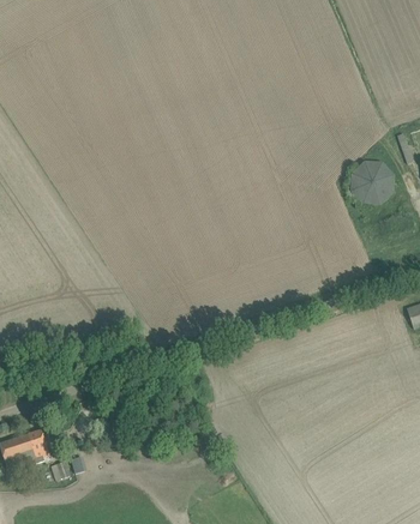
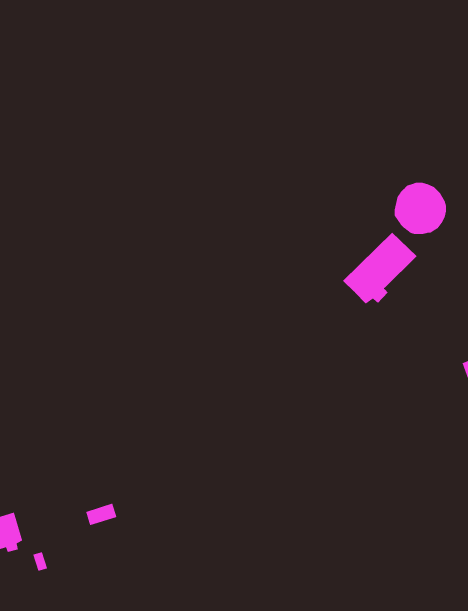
building: none -> [342,232,417,305]

